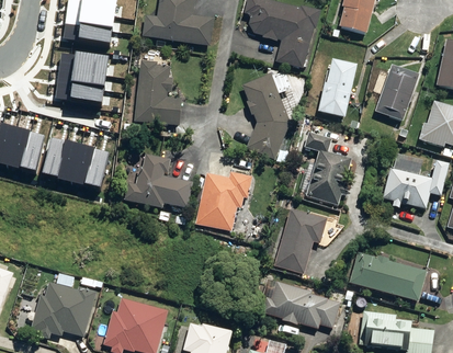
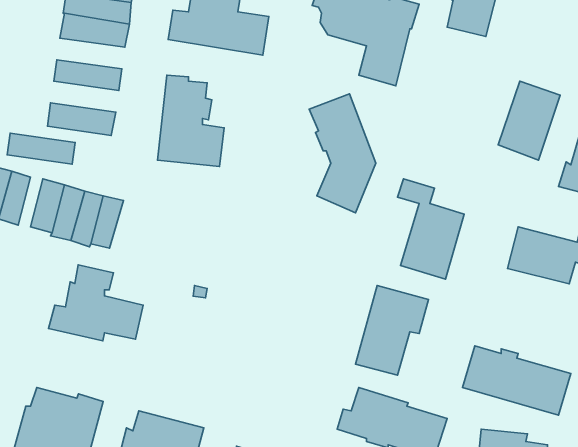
building: [317,59,356,117] -> none
building: [58,65,106,87] -> [7,133,75,164]
building: [124,153,191,207] -> [49,265,143,341]
building: [195,171,250,230] -> none

